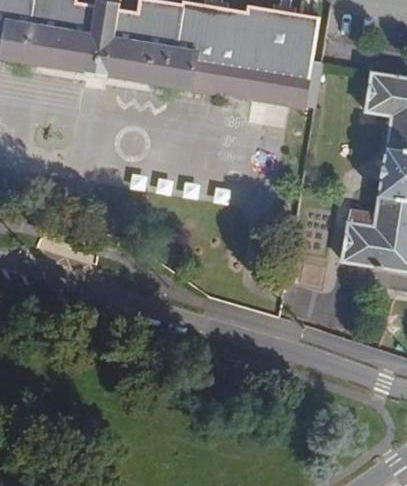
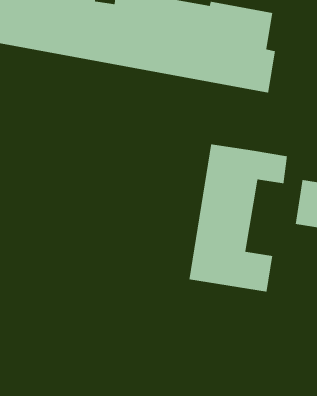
building: none -> [189,144,288,292]

